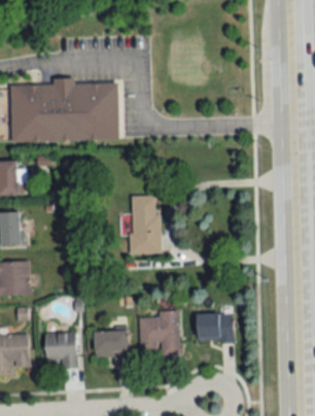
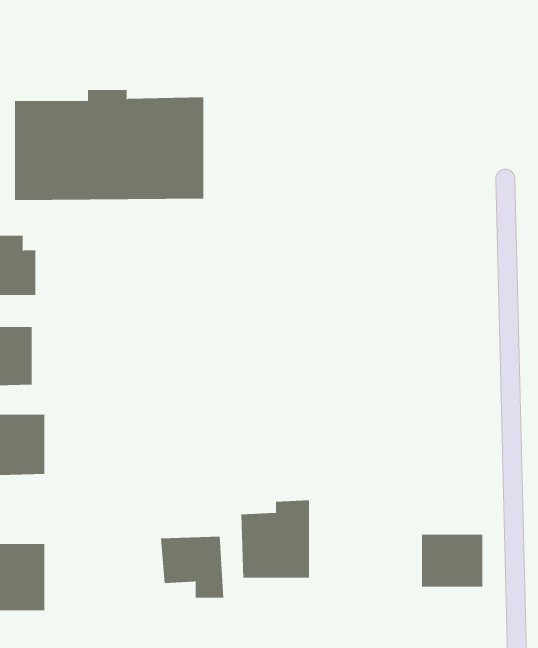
building: [131,196,159,253] -> none
building: [198,313,233,343] -> [421,534,483,587]
building: [45,333,76,369] -> none

